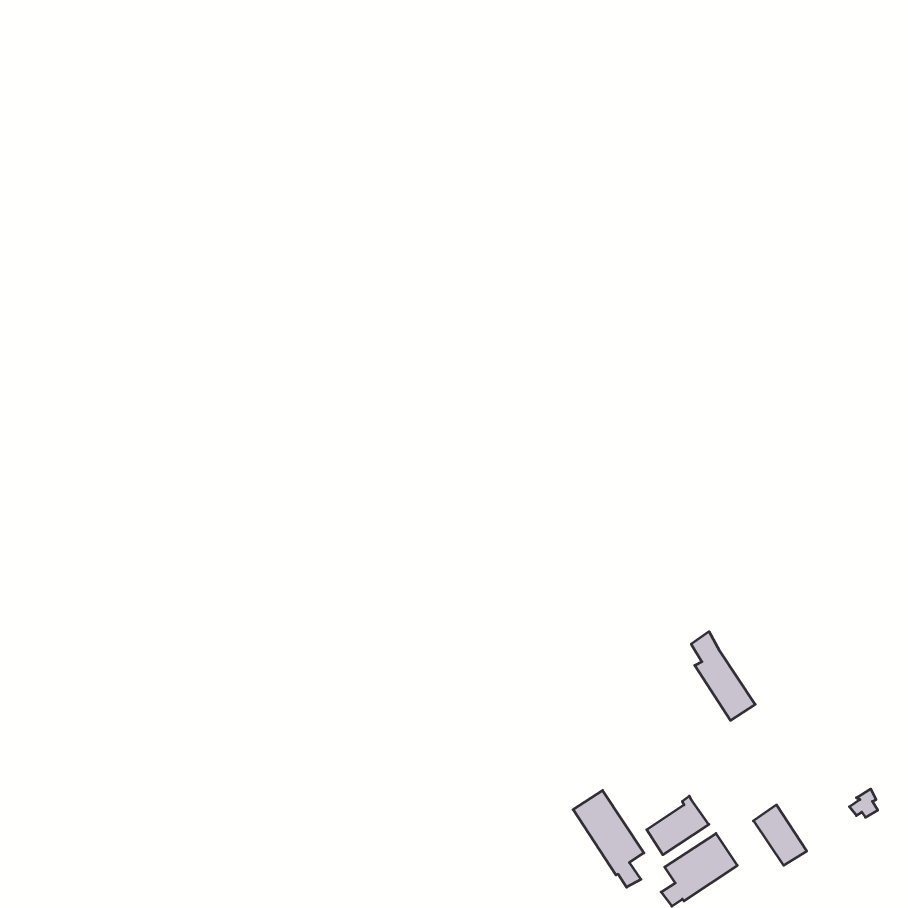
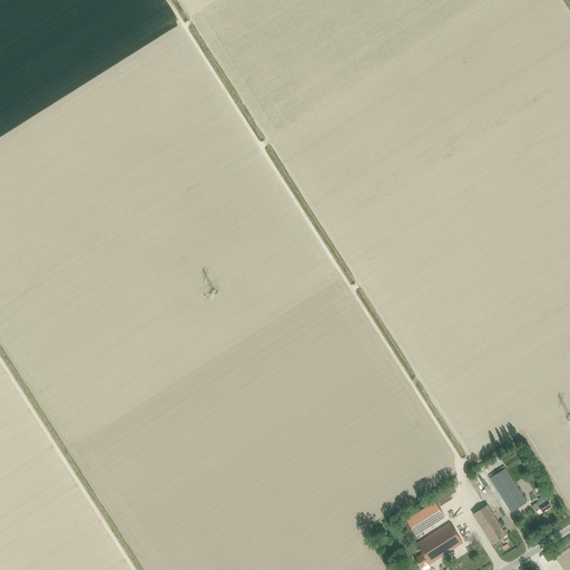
building: [691,632,755,720] -> [487,456,527,512]
building: [573,790,644,887] -> none

